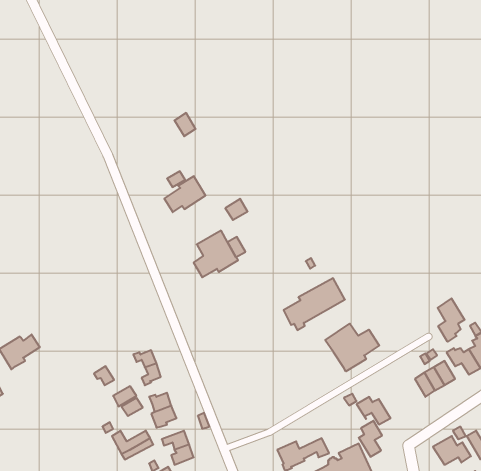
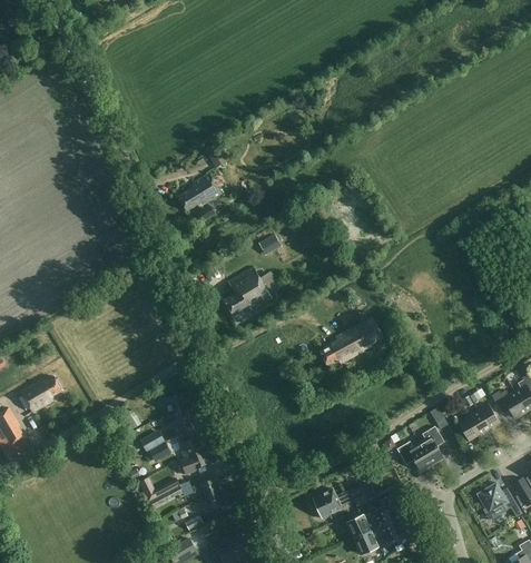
building: [164,176,206,212] -> [177,174,220,211]
building: [438,298,465,342] -> none
building: [325,324,379,371] -> none
building: [359,421,382,457] -> [419,426,443,464]

